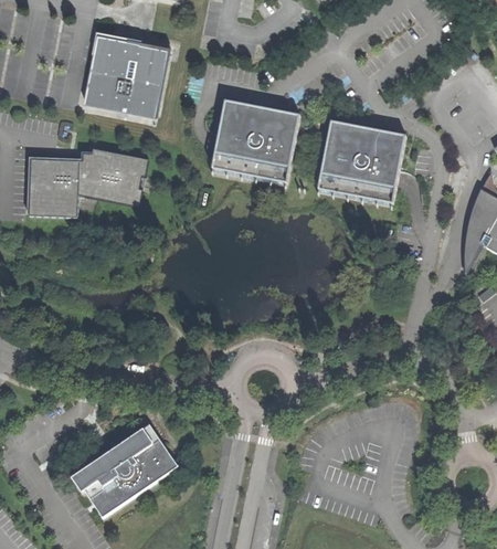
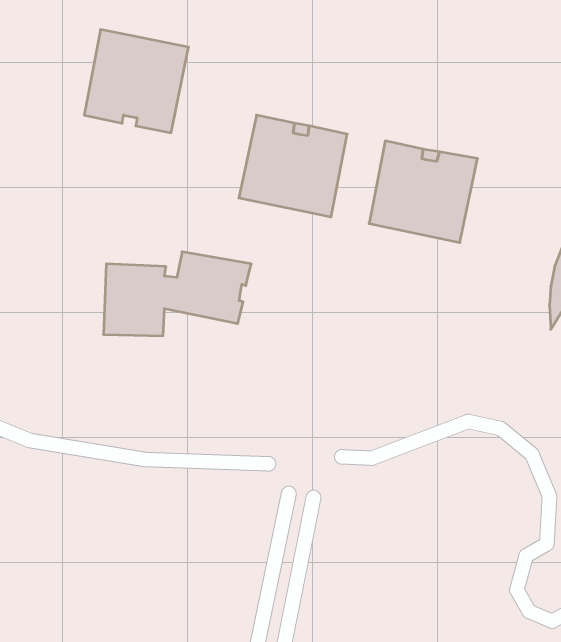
building: [29,148,149,217] -> [103,252,251,336]
building: [70,423,175,517] -> none

